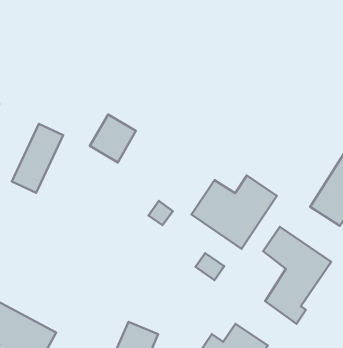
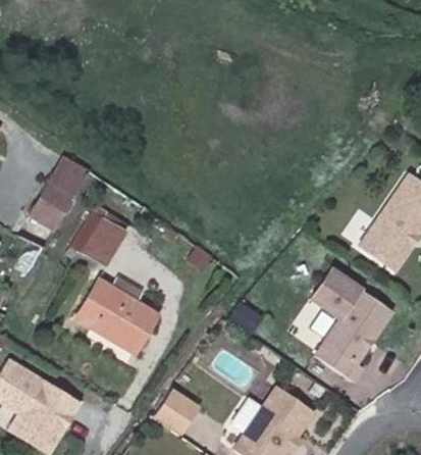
building: [90,114,136,162] -> [63,204,117,260]
building: [191,176,277,249] -> none
building: none -> [88,294,165,362]

